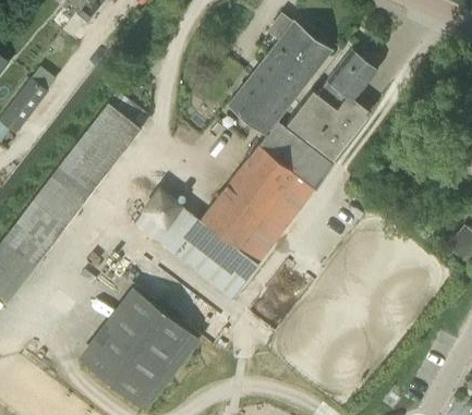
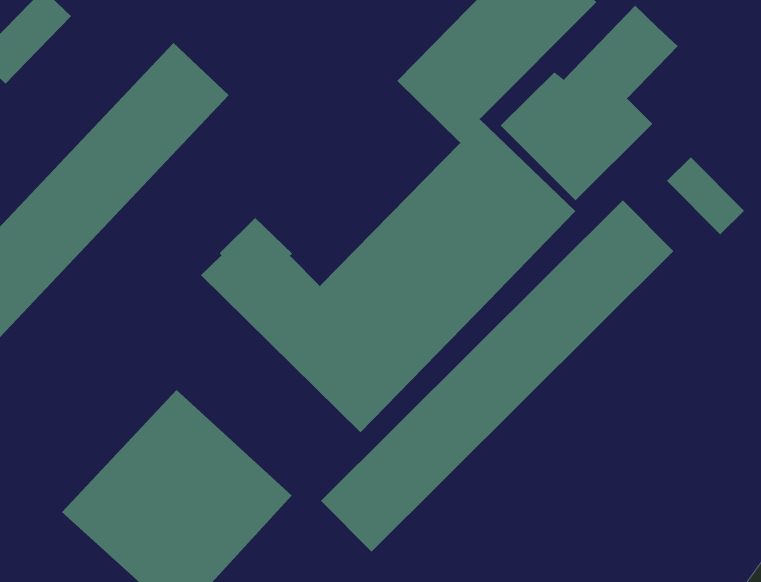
building: none -> [666,156,745,235]
building: none -> [320,199,674,553]

